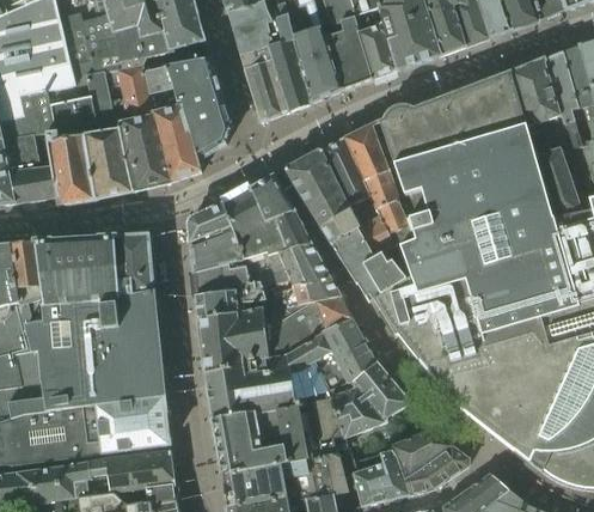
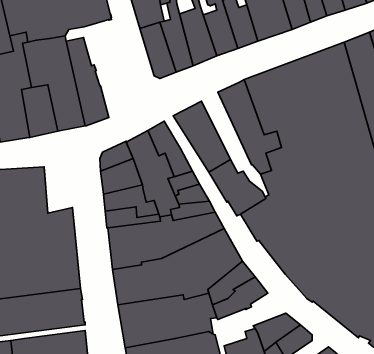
building: [166,57,229,171] -> none
building: [322,138,387,244] -> none
building: [115,234,152,297] -> none

